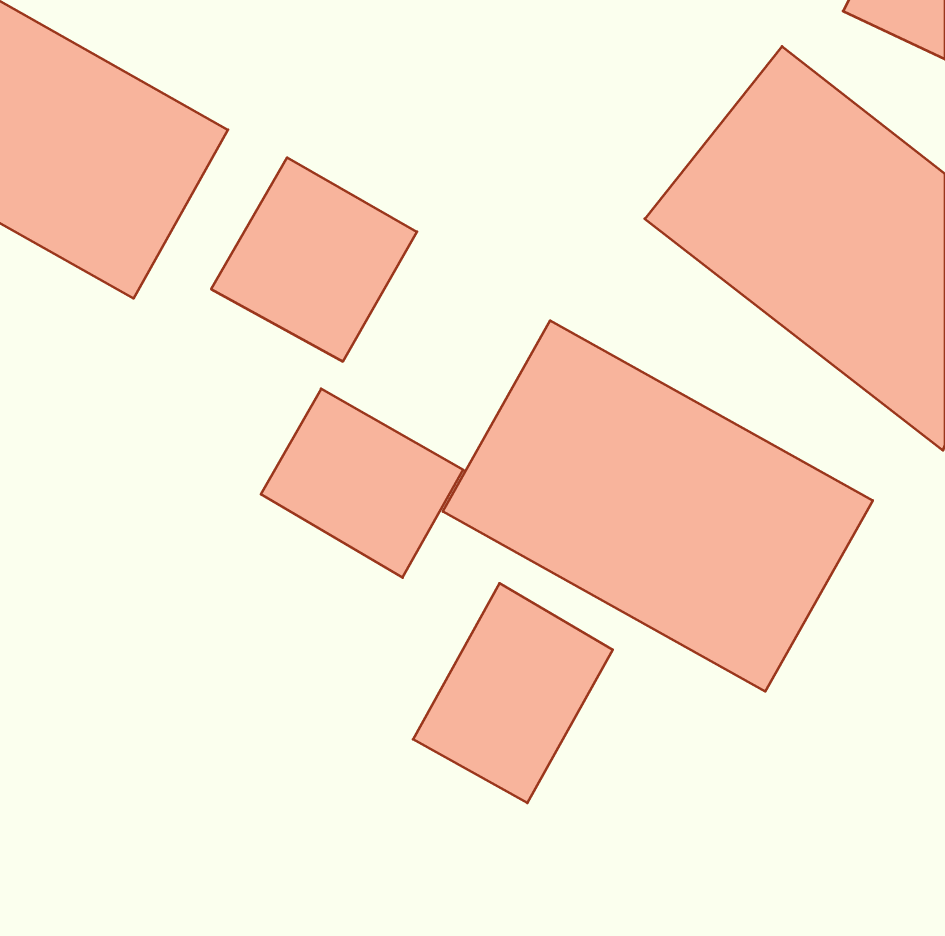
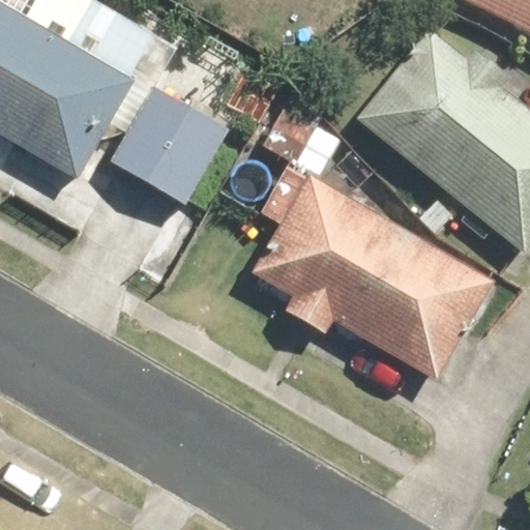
building: [261,389,463,578] -> none
building: [413,583,613,803] -> none

